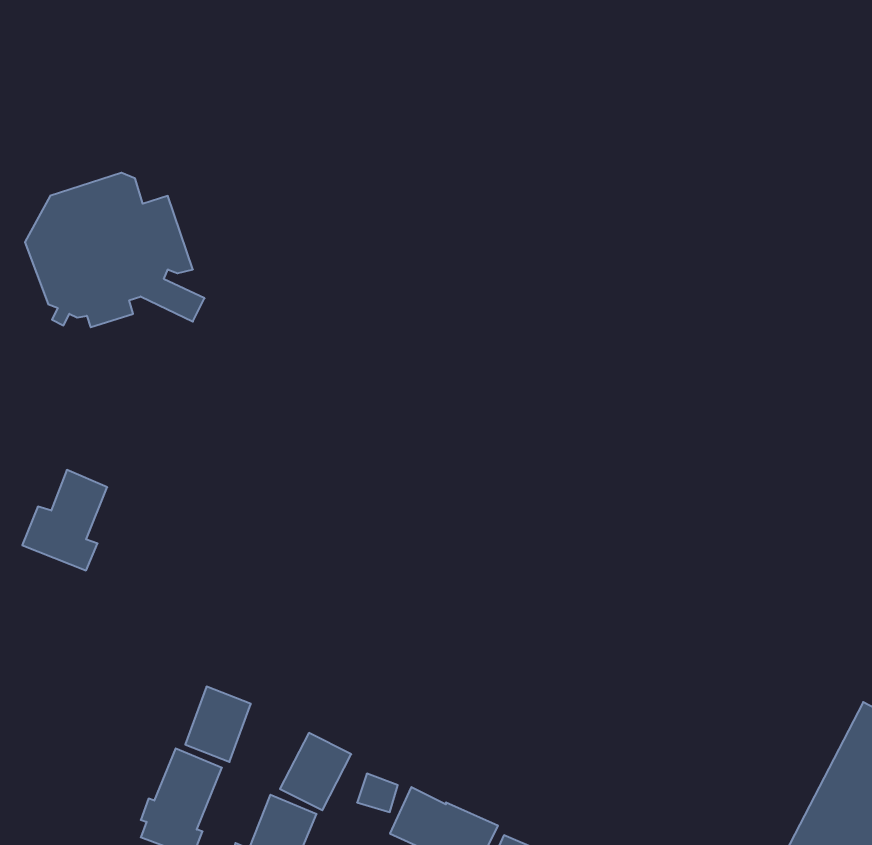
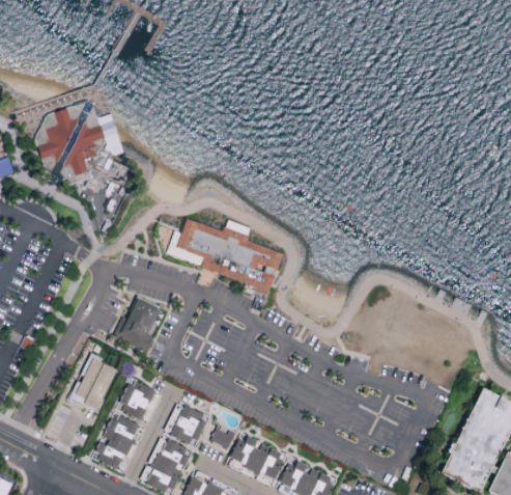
building: none -> [159,219,282,293]
building: [22,470,107,570] -> [114,296,160,350]
building: none -> [70,354,118,409]

